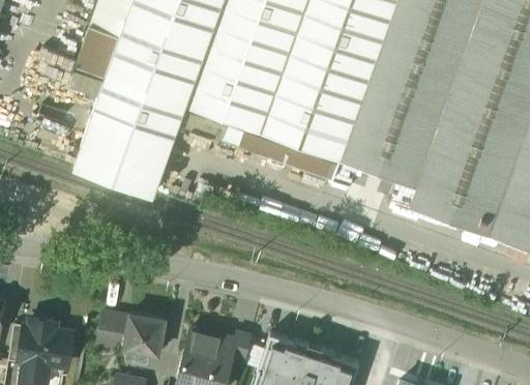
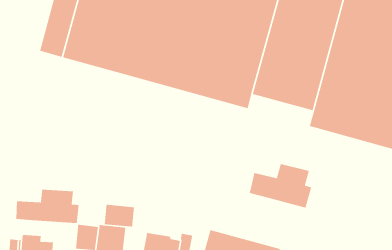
building: [73,95,178,195] -> none
building: none -> [249,163,312,208]
building: none -> [16,189,79,224]
building: none -> [104,204,135,228]

